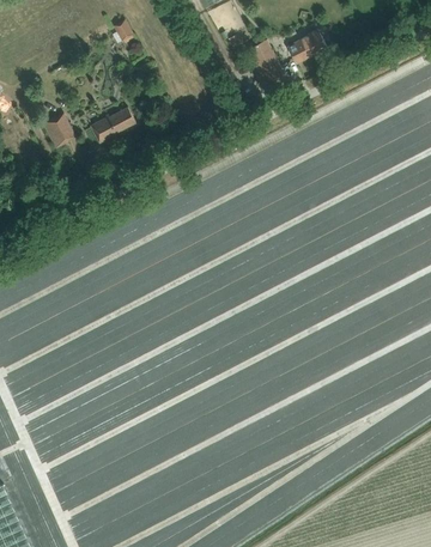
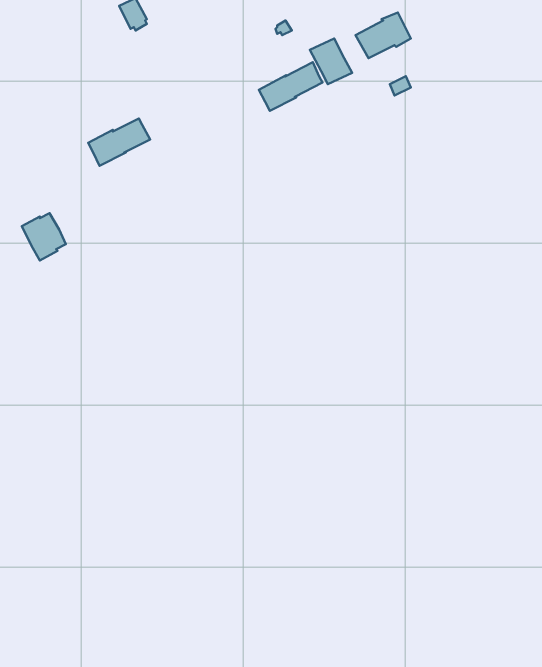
building: none -> [259,62,322,111]
building: [42,115,74,150] -> [22,213,66,260]

